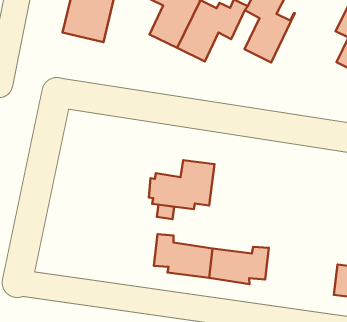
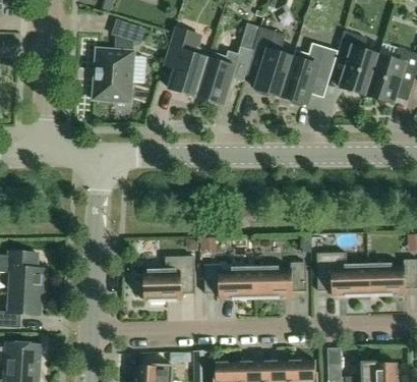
building: none -> [281,42,337,103]
building: [149,160,215,209] -> [138,255,194,298]
building: none -> [316,251,368,293]

